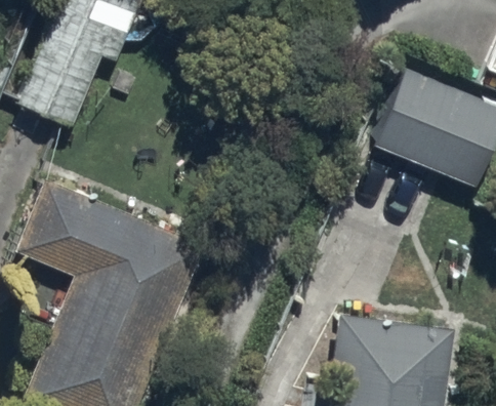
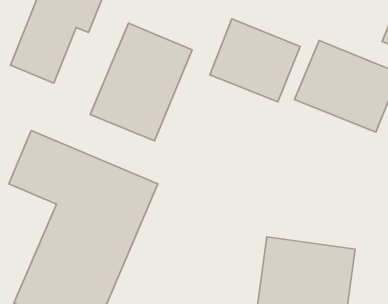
building: none -> [210,19,300,102]
building: none -> [90,23,192,141]

